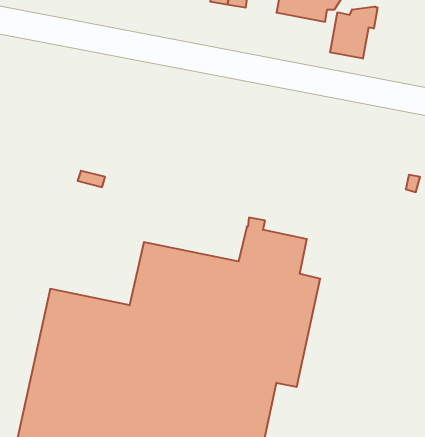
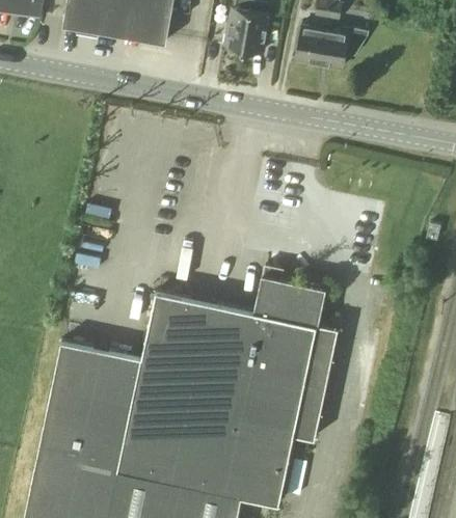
building: [330,6,377,59] -> none

